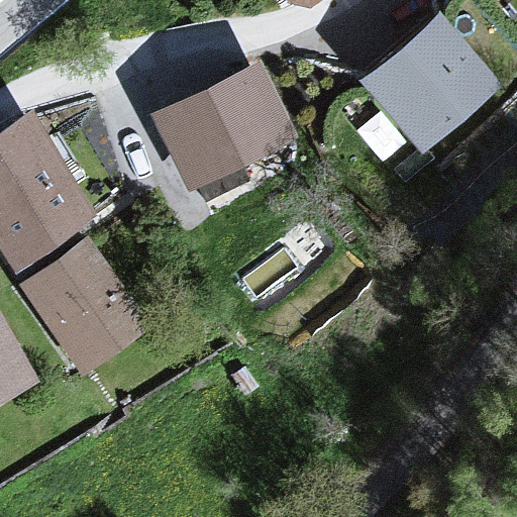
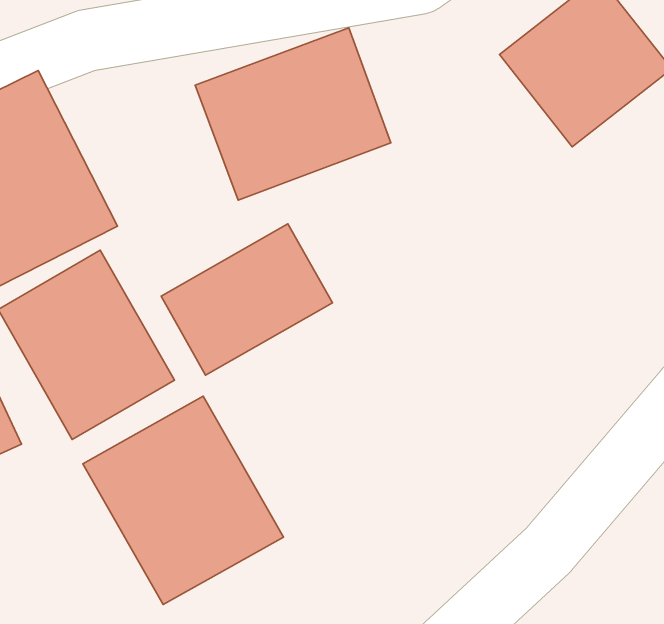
building: none -> [161,224,332,375]
building: none -> [83,396,283,605]

